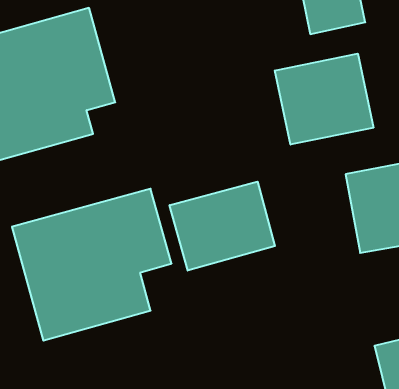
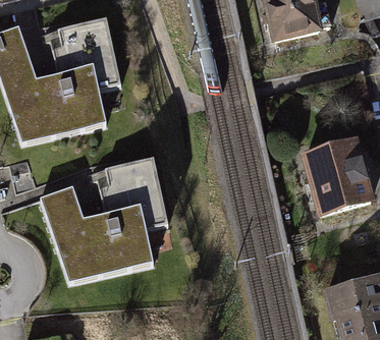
building: [275,54,373,145] -> none
building: [170,182,275,271] -> none

